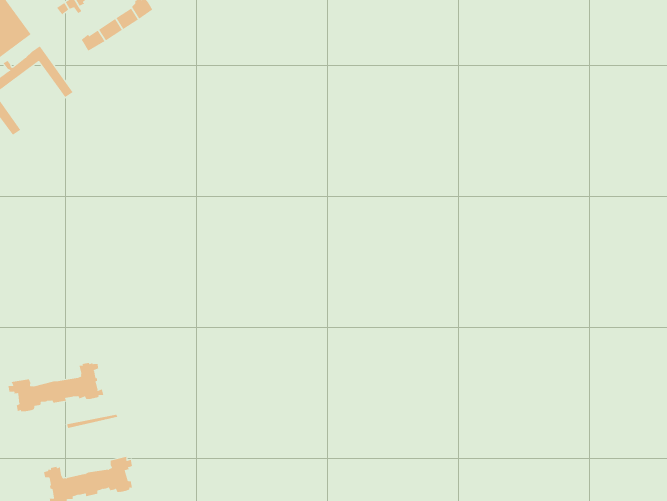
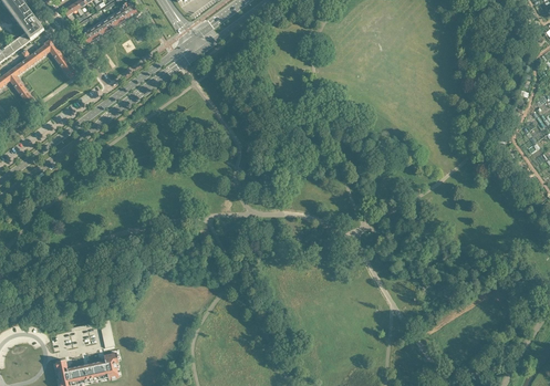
building: [8,362,104,412] -> none

